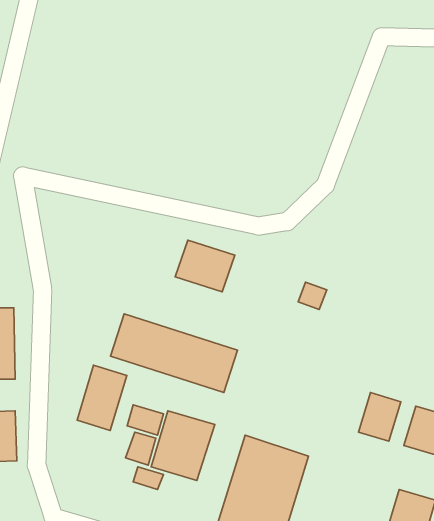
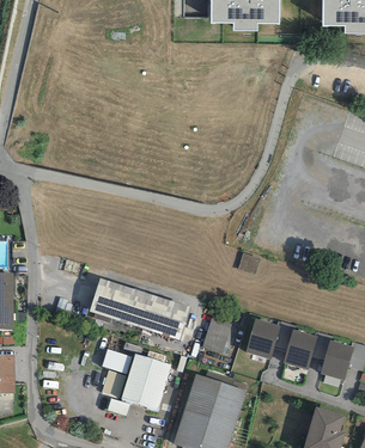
building: [175,240,235,292] -> none
building: none -> [202,317,231,352]
building: [77,365,127,431] -> none
building: none -> [245,327,280,366]

